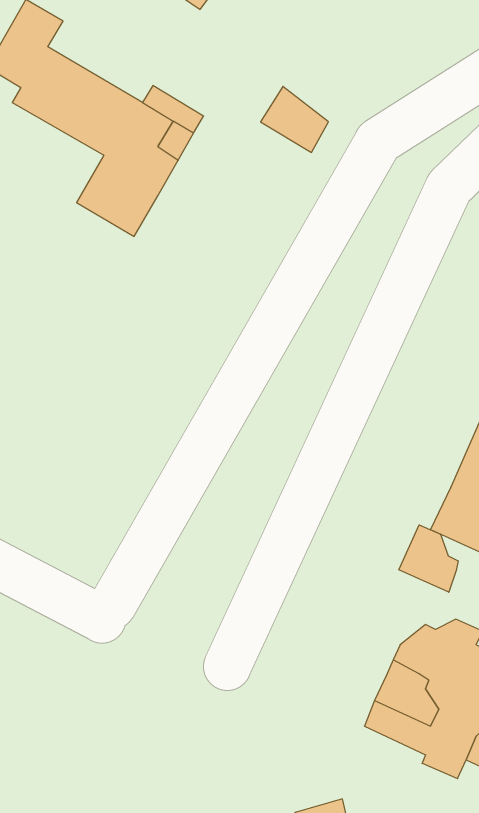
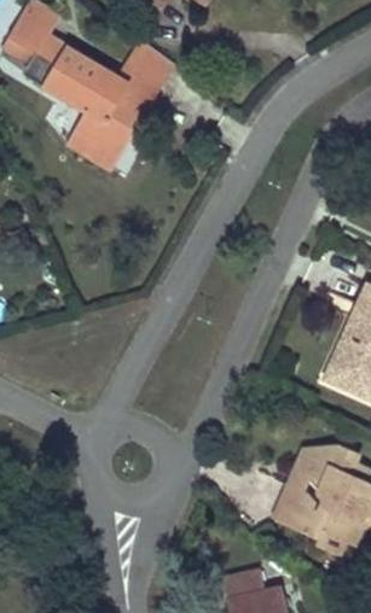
building: [261,86,328,152] -> [122,37,170,84]
building: [399,525,458,592] -> none

